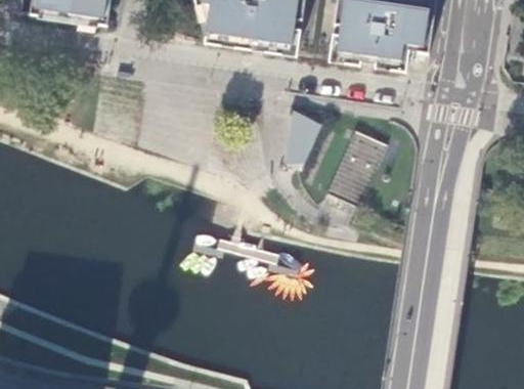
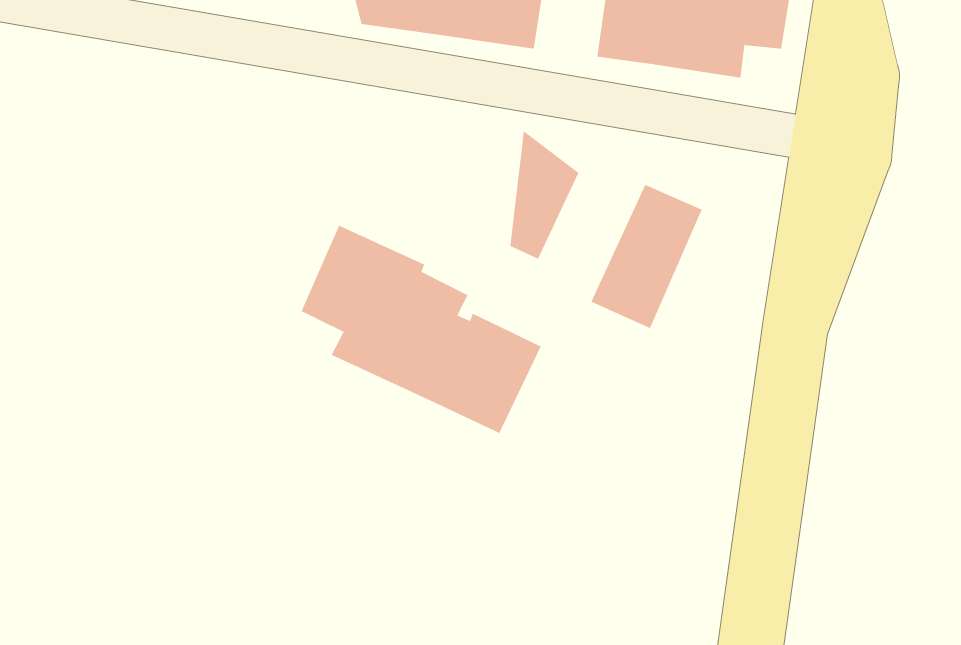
building: none -> [301,225,542,434]

